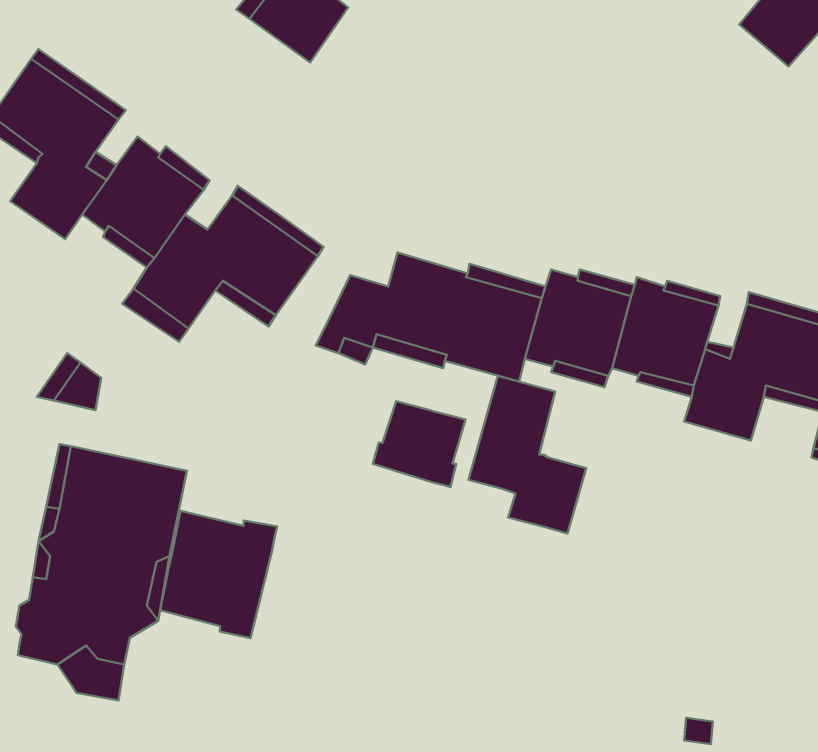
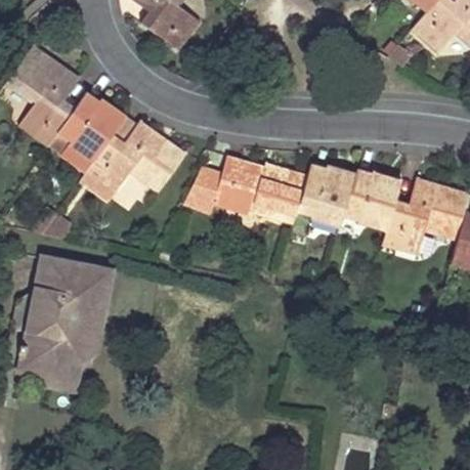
building: [469,376,586,534] -> none
building: [373,401,466,487] -> none
building: [160,511,277,638] -> none

